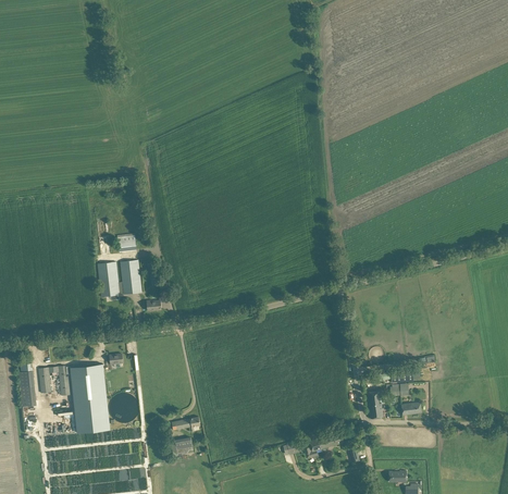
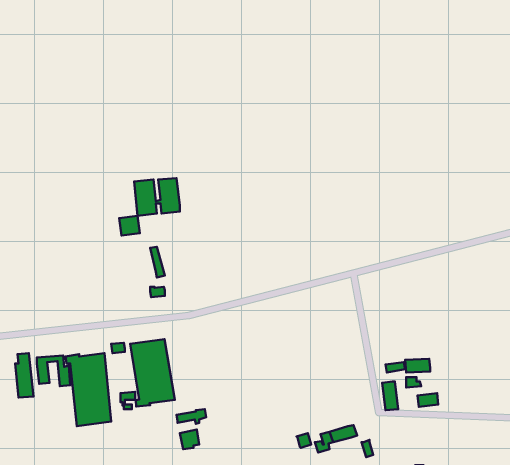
building: [97,260,140,296] -> [134,178,180,216]
building: none -> [130,339,175,406]

